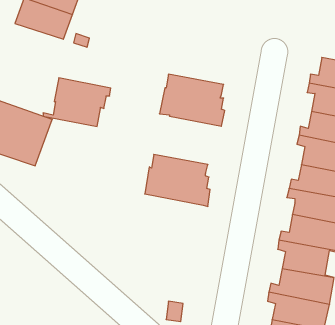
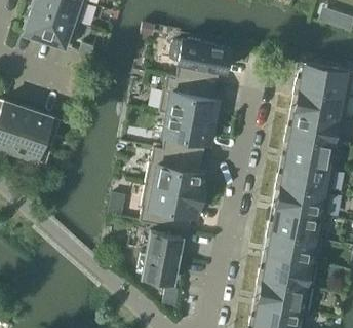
building: none -> [166,39,230,88]
building: [43,78,111,126] -> [153,117,214,161]
building: none -> [140,188,202,231]
building: none -> [138,232,182,283]

